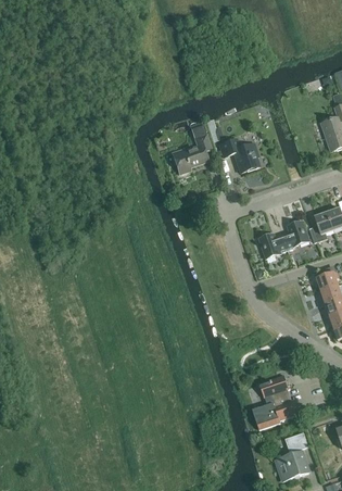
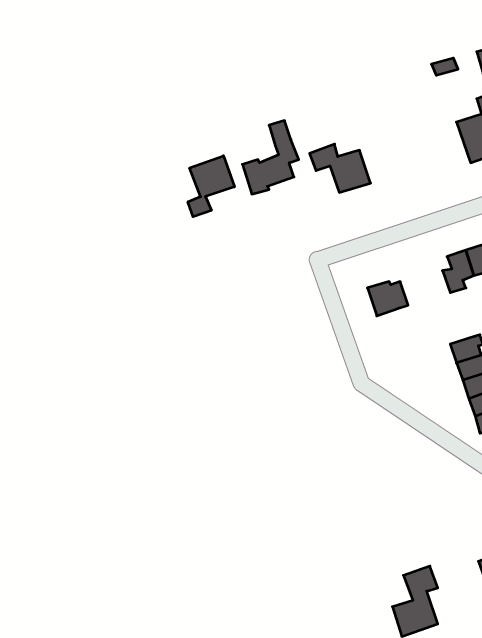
building: none -> [188,156,234,217]
building: [282,221,309,250] -> none
building: [253,375,301,429] -> none

